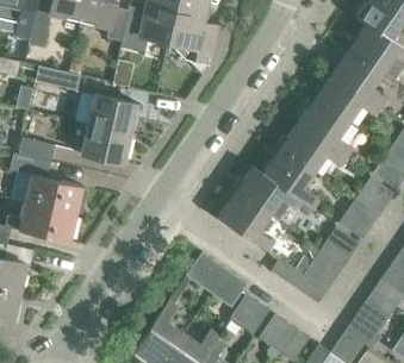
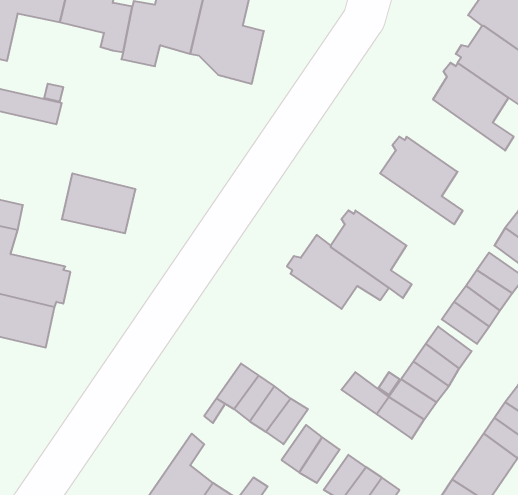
building: [313,74,381,123] -> none
building: [88,94,138,134] -> none
building: [279,124,347,173] -> none
building: [218,192,274,251] -> none

